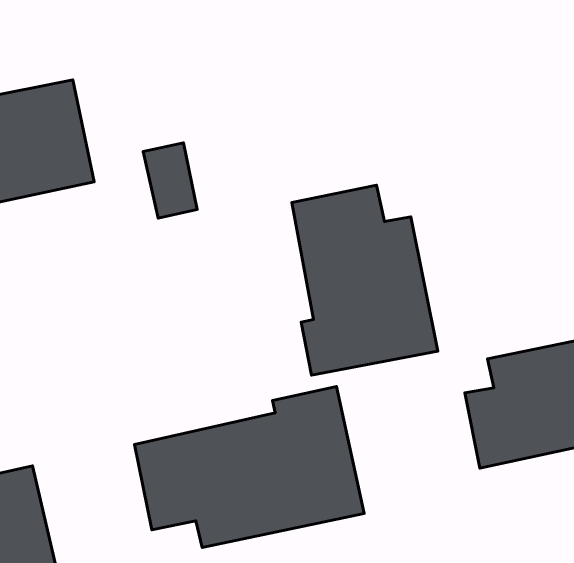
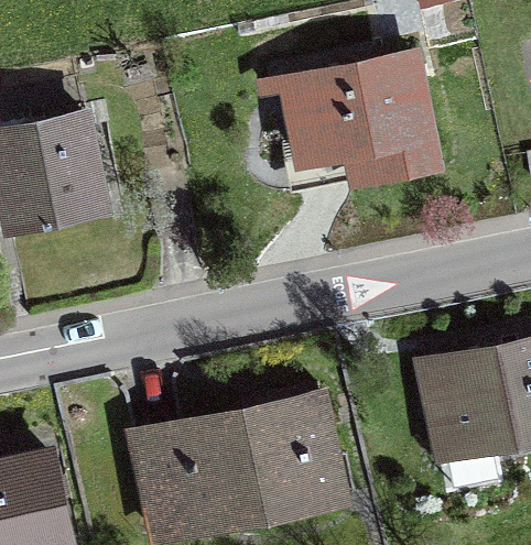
building: none -> [285,61,434,178]
building: [292,185,438,375] -> none

